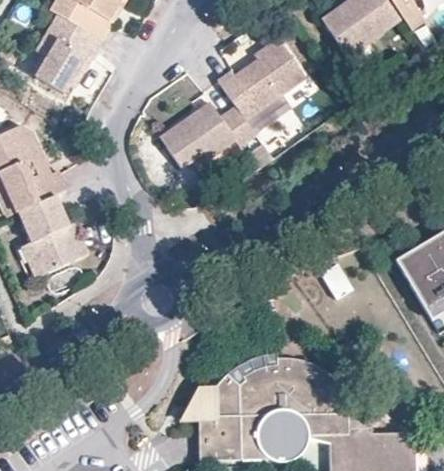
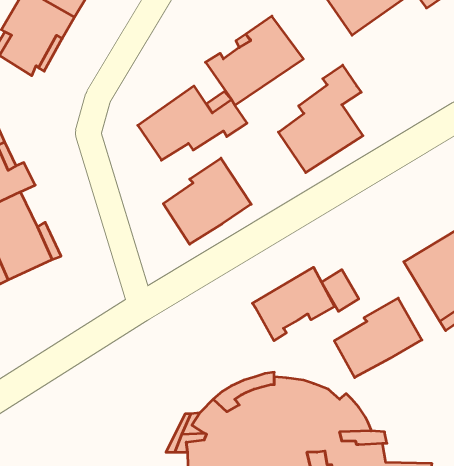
building: none -> [278,65,363,173]
building: none -> [163,158,251,244]
building: none -> [252,267,334,341]
building: none -> [334,298,422,378]

